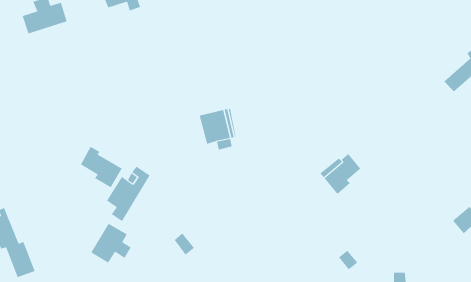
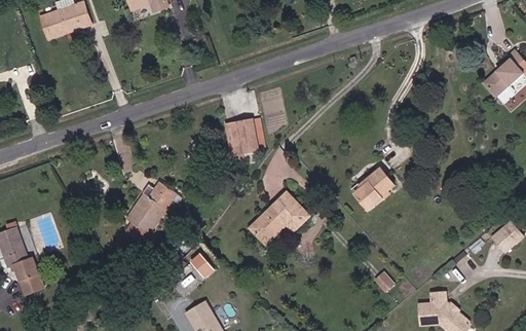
building: [80,146,122,188] -> none
building: none -> [253,189,311,236]
building: [90,223,131,264] -> none

